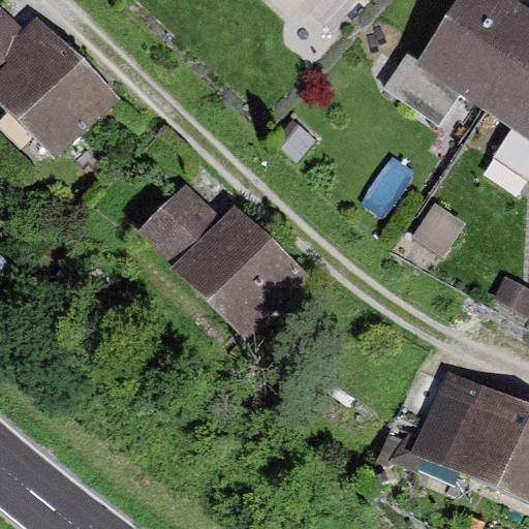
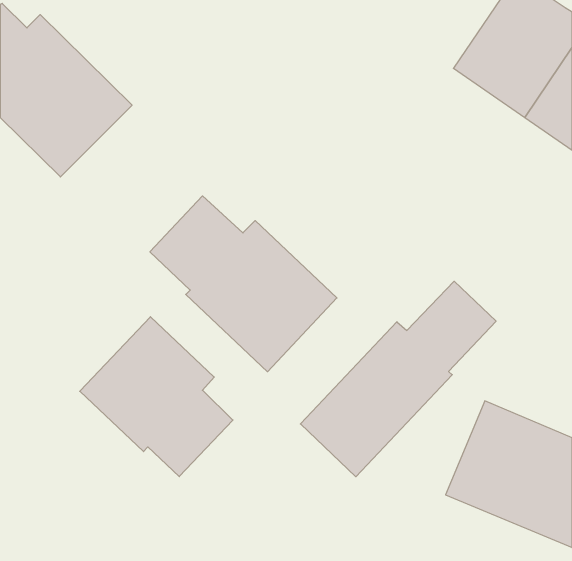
building: none -> [300,281,496,477]
building: none -> [80,317,233,477]

